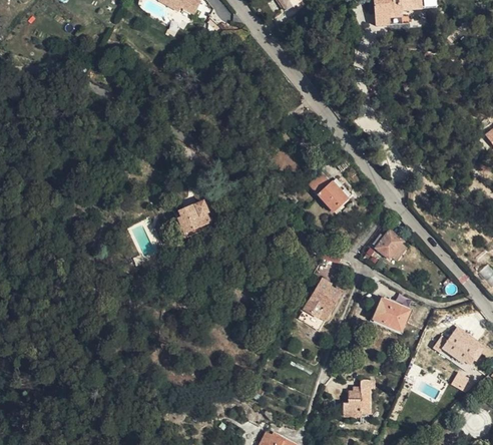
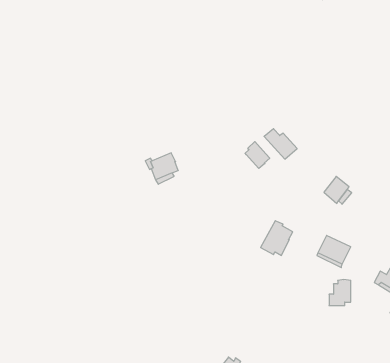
building: none -> [245,142,270,168]
building: [344,388,369,418] -> [329,280,351,306]

